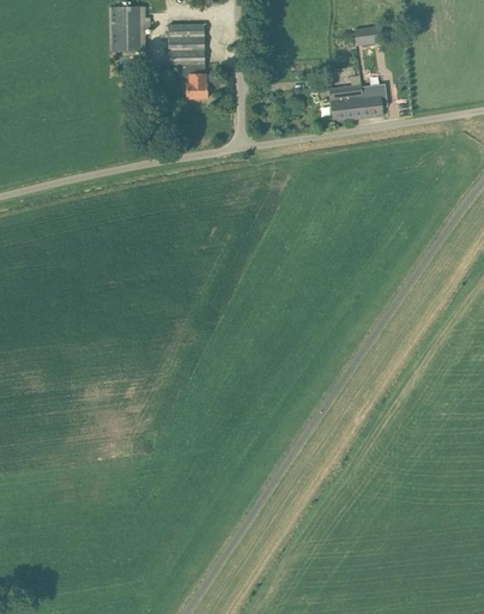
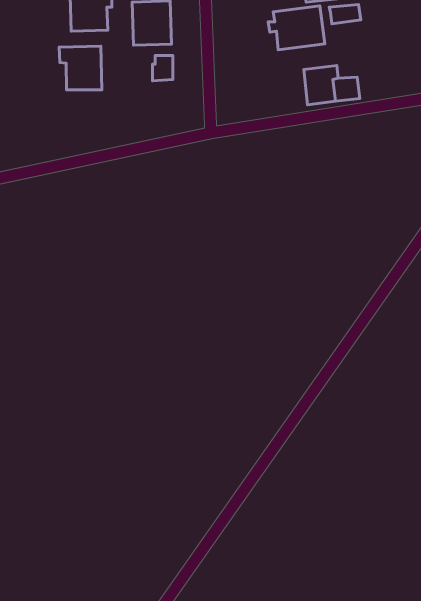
building: none -> [268,6,325,50]
building: none -> [59,46,102,90]

